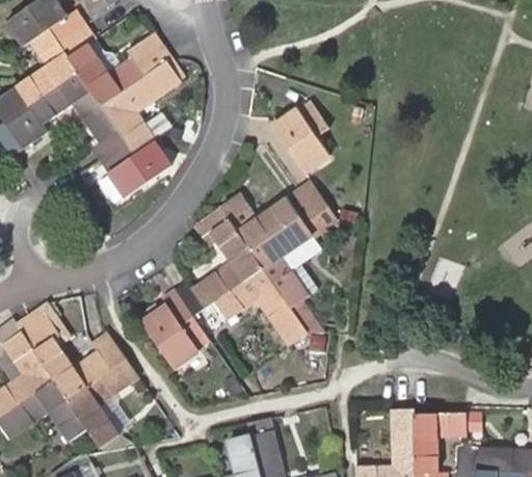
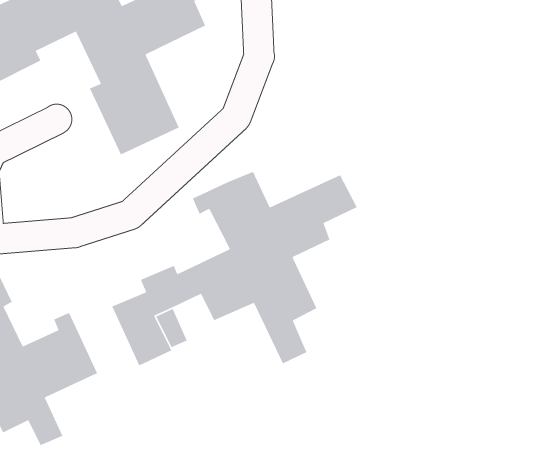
building: [273,101,330,174] -> none

